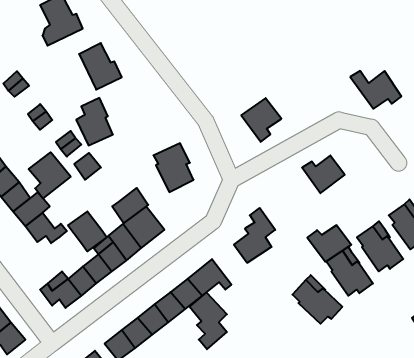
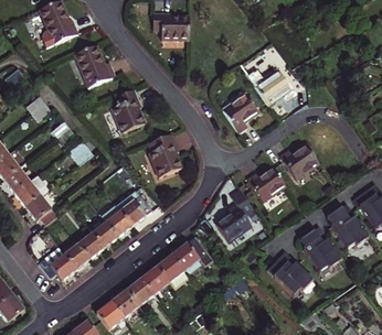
building: none -> [156,10,191,39]
building: [350,71,401,109] -> [247,67,294,101]
building: [76,98,113,145] -> [110,88,144,131]
building: [29,152,71,199] -> none
building: [112,188,148,223] -> none
building: [68,211,107,251] -> none
building: [307,225,351,262] -> [244,168,284,201]
building: [189,292,227,349] -> none

